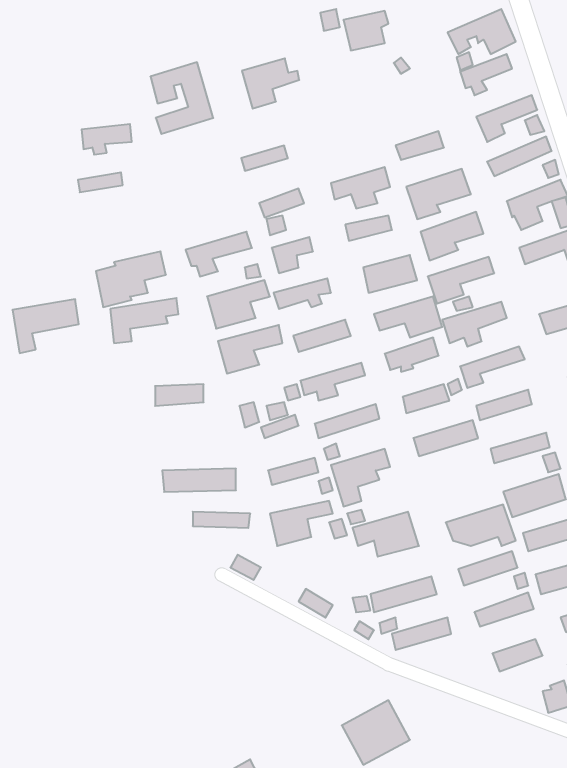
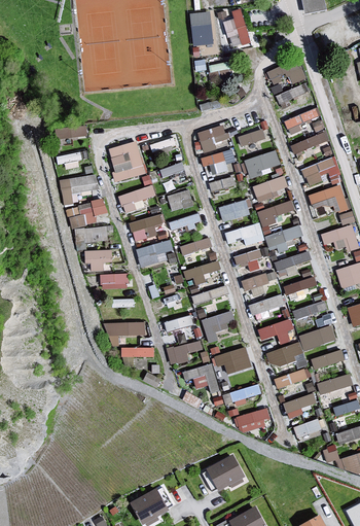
building: [242,58,299,109] -> [197,126,230,154]
building: [150,62,213,134] -> [109,141,145,182]
building: [12,299,79,353] -> [60,174,98,205]
building: none -> [83,249,113,271]
building: none -> [257,319,294,344]
building: none -> [182,364,219,393]

